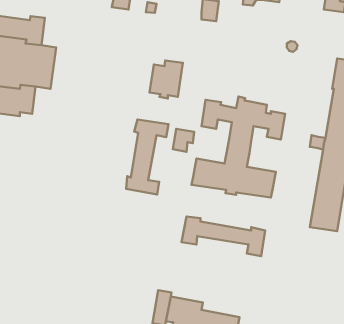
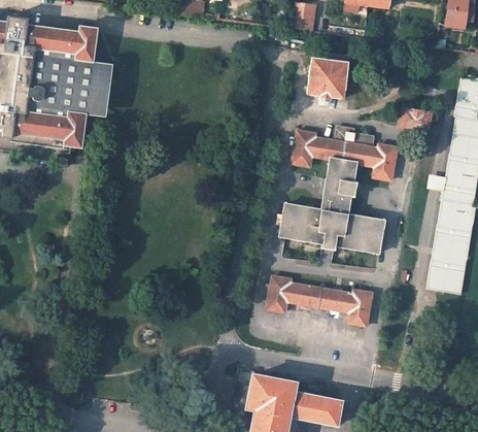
building: [150,60,183,98] -> [307,53,348,100]
building: none -> [399,107,431,131]
building: [126,119,169,194] -> none
building: [173,129,194,152] -> none

